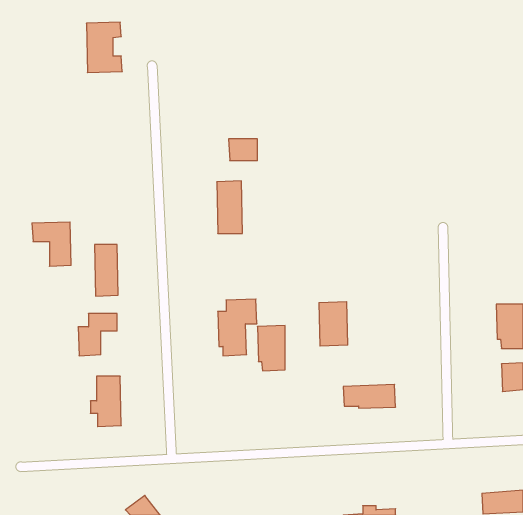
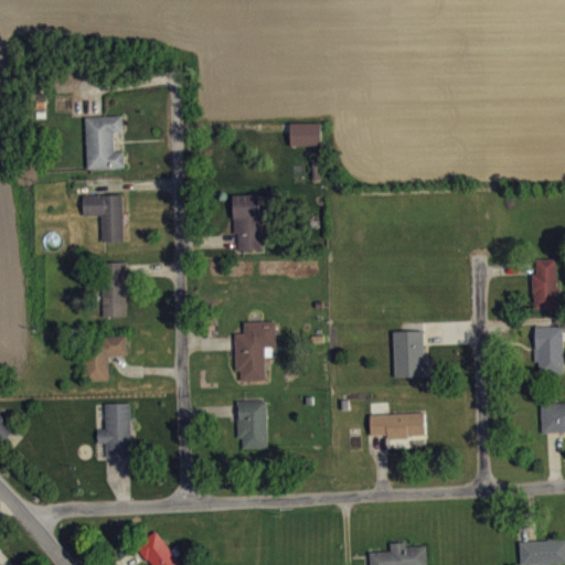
building: [86,22,122,73] -> [85,116,124,170]
building: [229,139,257,161] -> [289,124,320,147]
building: [32,222,71,266] -> [82,195,124,243]
building: none -> [533,259,557,310]
building: [319,302,348,346] -> [393,331,424,379]
building: [257,326,285,371] -> [236,401,266,449]

